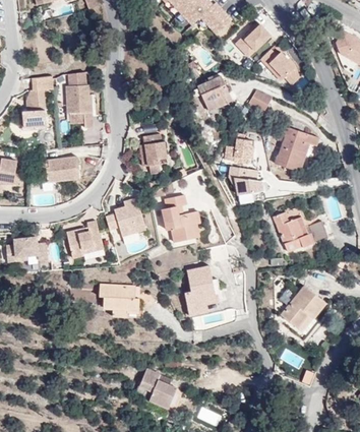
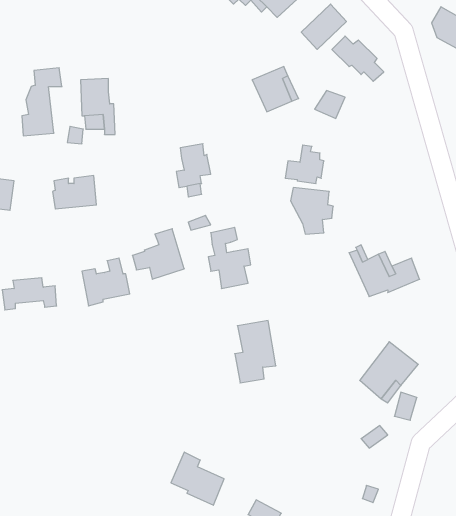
building: [275,125,319,171] -> none
building: [99,284,142,317] -> none

